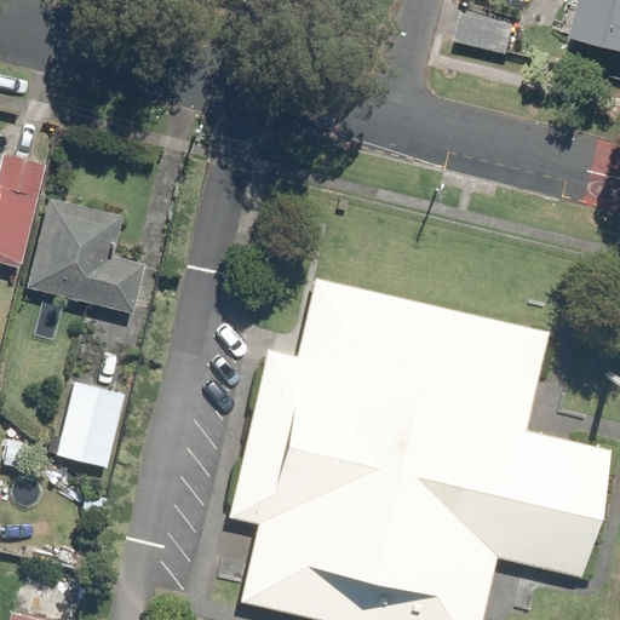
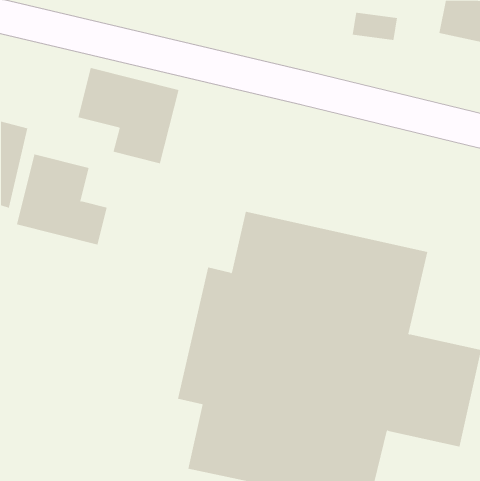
building: none -> [78,67,179,164]
building: [53,383,122,471] -> none

